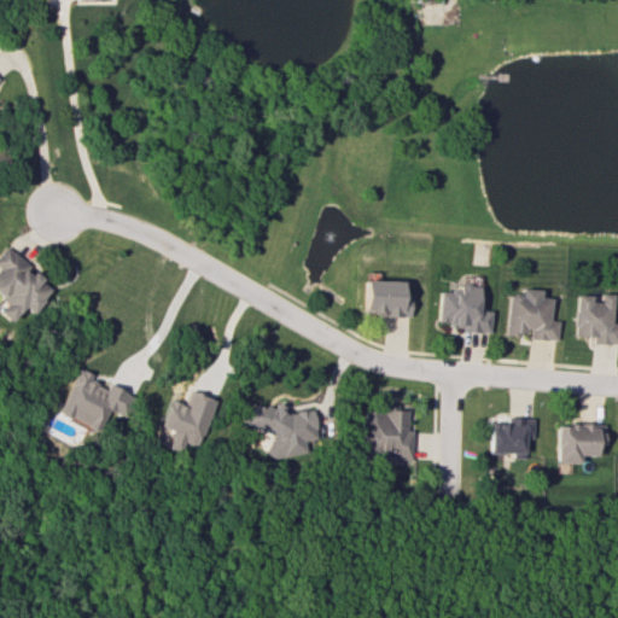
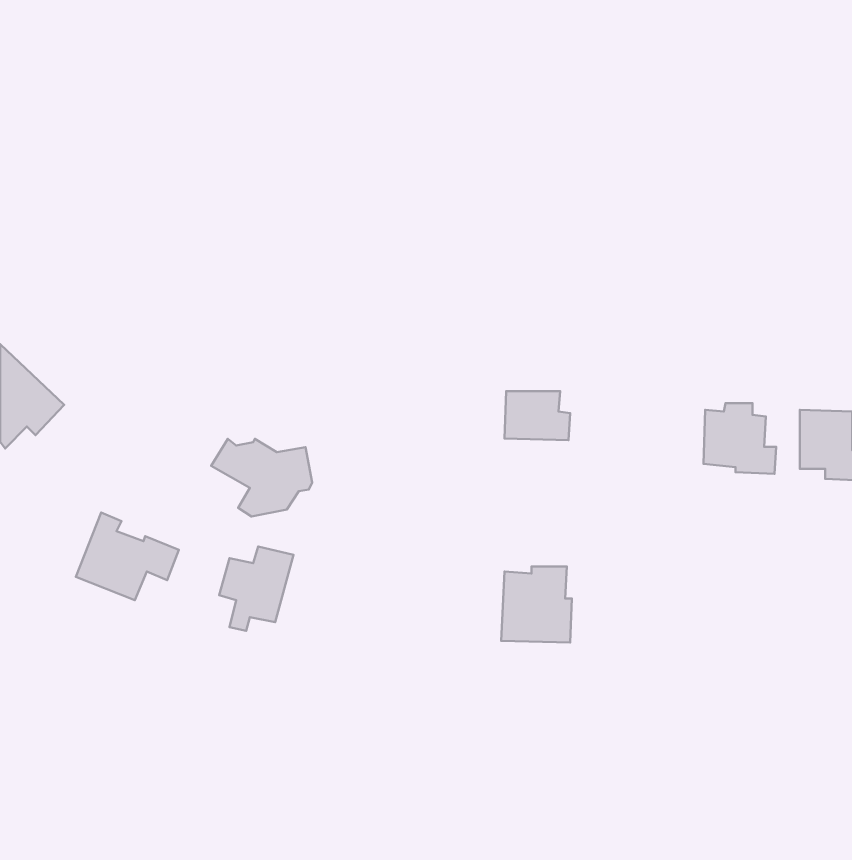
building: [442,285,495,330] -> none
building: [249,403,321,459] -> [211,439,312,516]
building: [495,418,538,454] -> none
building: [561,424,610,464] -> none

